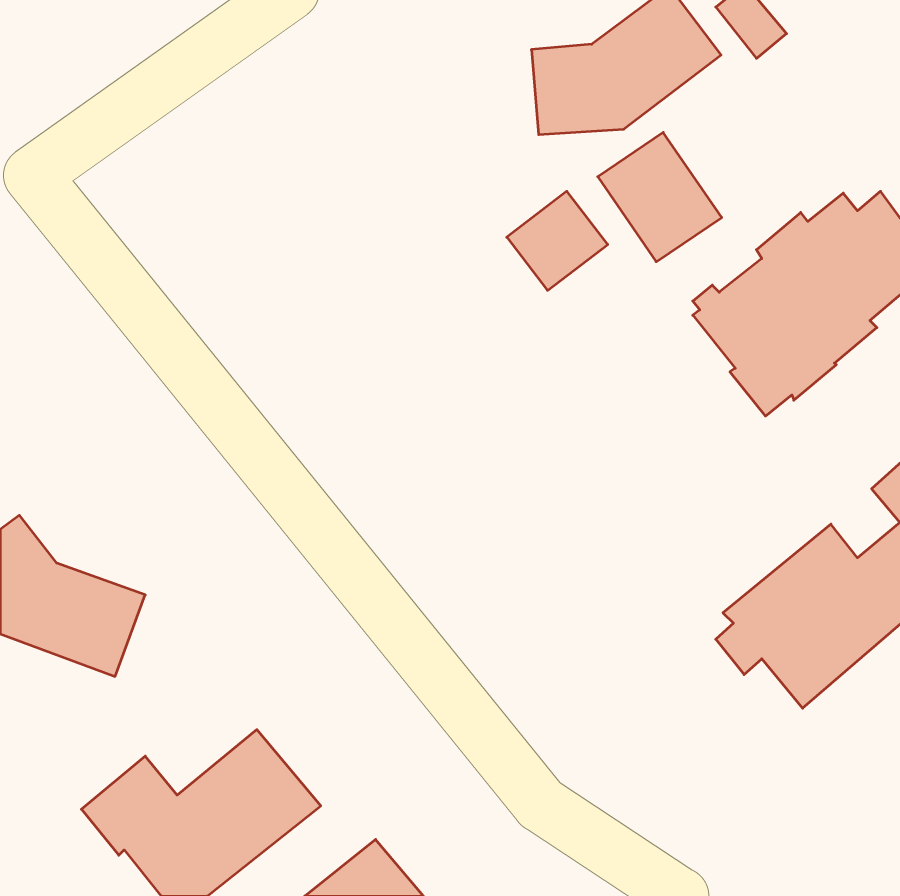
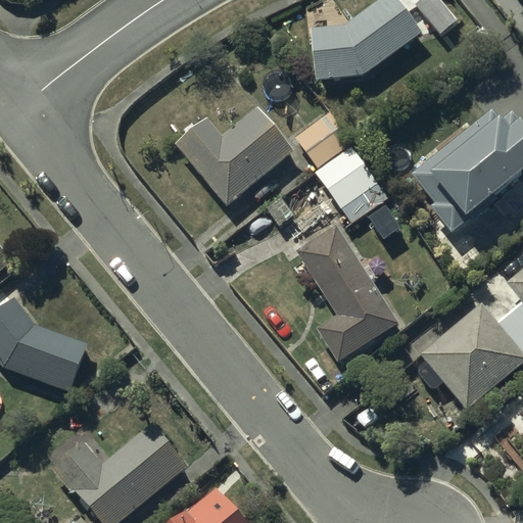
building: [598,132,722,262] -> [316,145,387,220]
building: none -> [175,108,293,206]
building: none -> [296,226,397,361]

